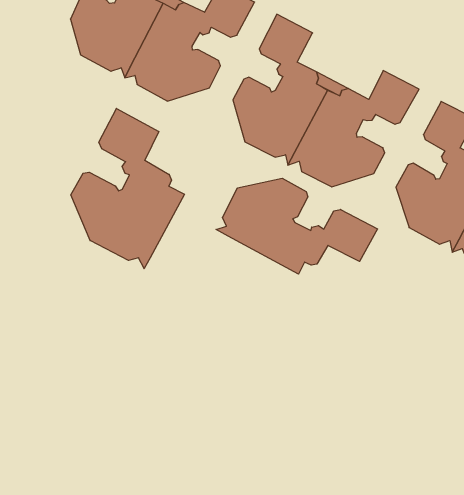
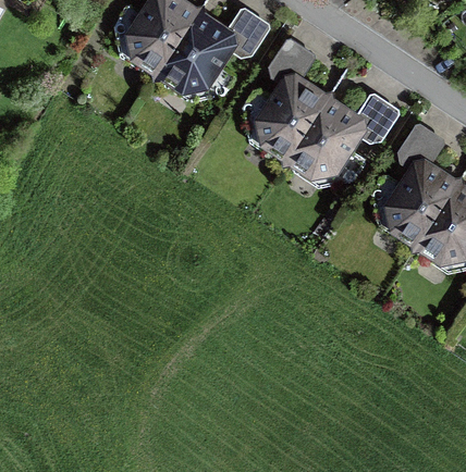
building: [71,108,184,269] -> none
building: [216,178,378,274] -> none

